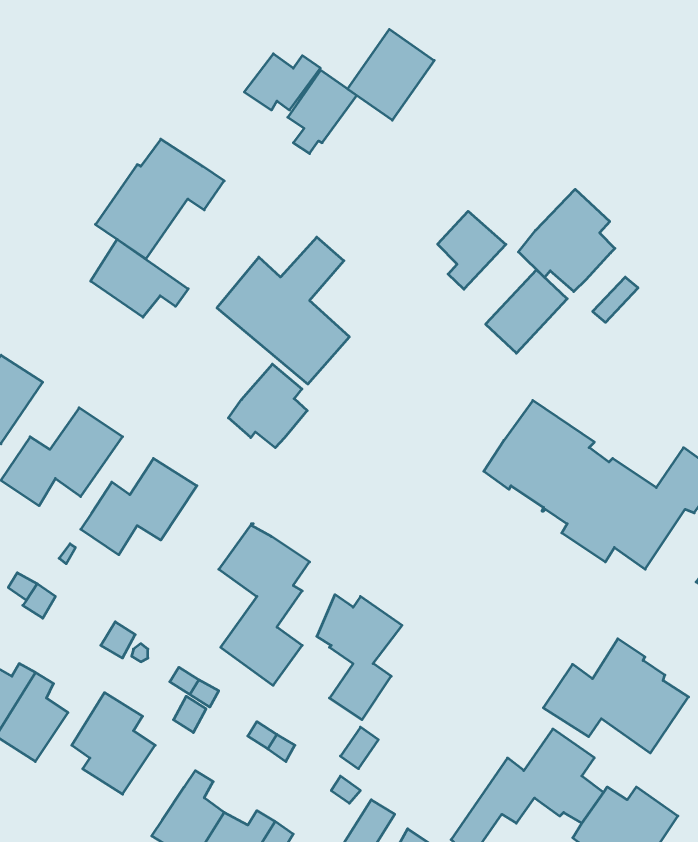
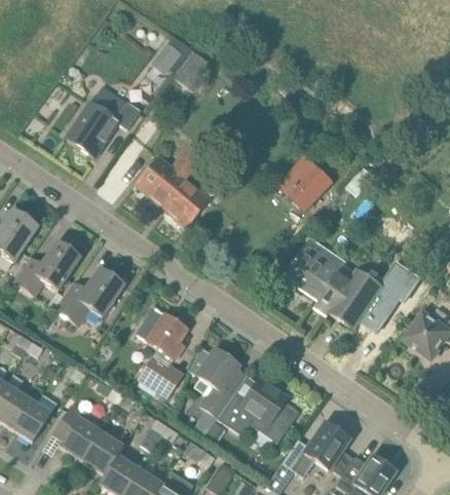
building: [348,29,434,120] -> none
building: [518,189,615,292] -> none
building: [438,211,506,289] -> none
building: [91,239,188,317] -> none
building: [228,364,307,448] -> none
building: [543,639,689,753] -> [217,378,299,443]
building: none -> [81,431,122,473]

